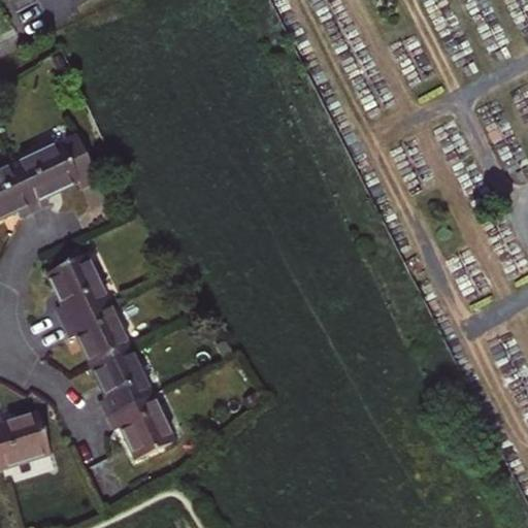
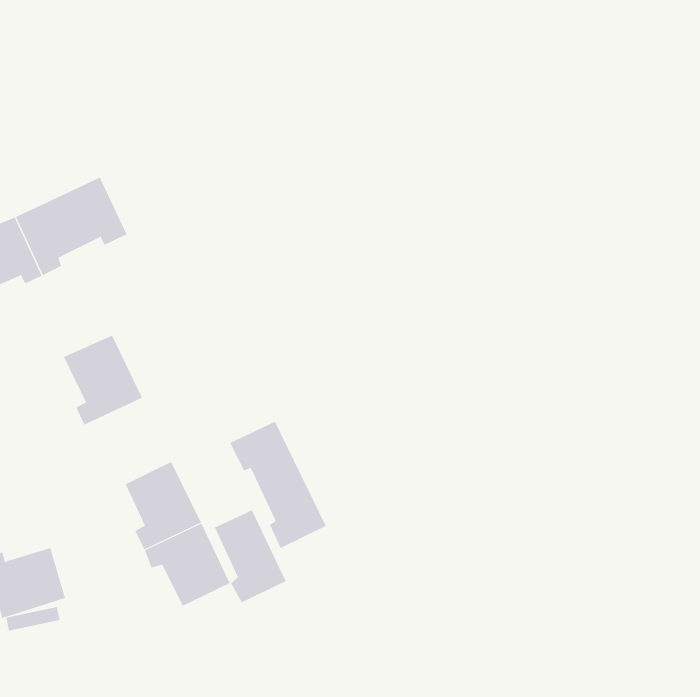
building: [63,299,129,364] -> none
building: none -> [230,421,327,549]
building: none -> [214,510,287,603]

